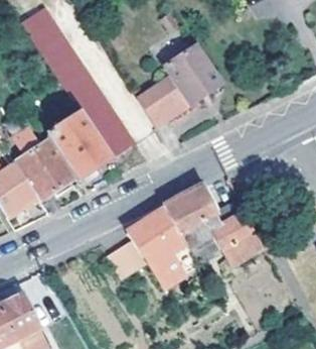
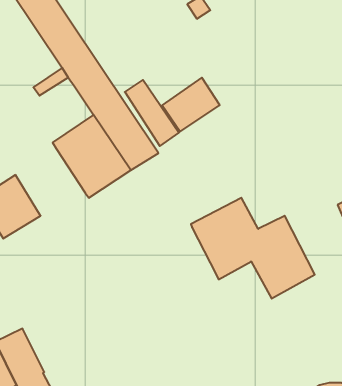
building: [163,44,222,104] -> none
building: [15,131,74,201] -> none
building: [108,207,184,289] -> none

